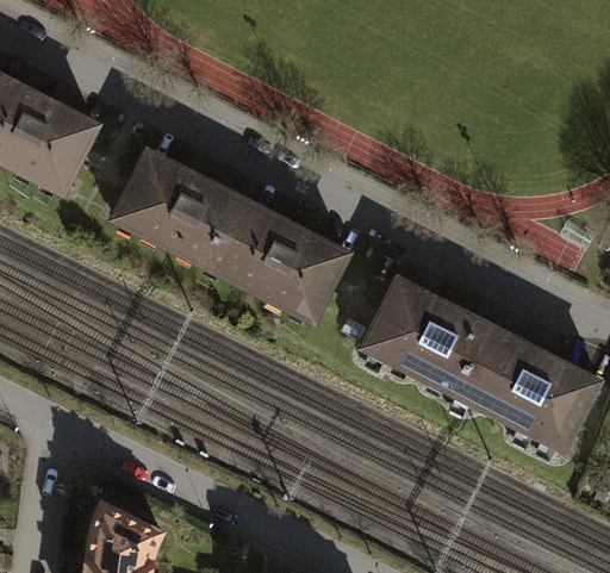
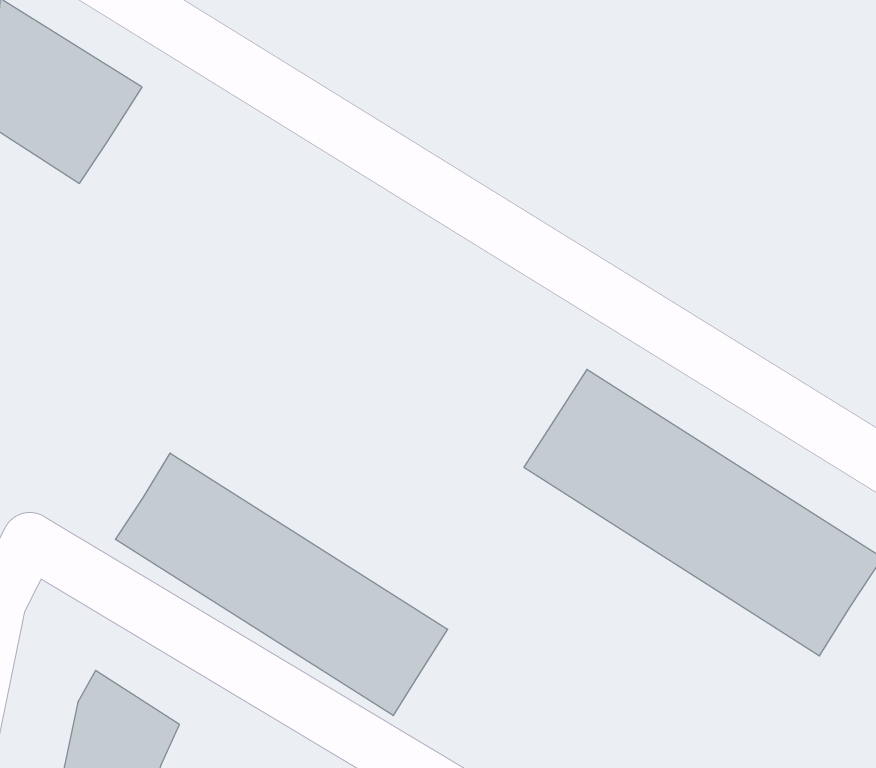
building: [117,152,348,319] -> none
building: none -> [116,453,448,716]

